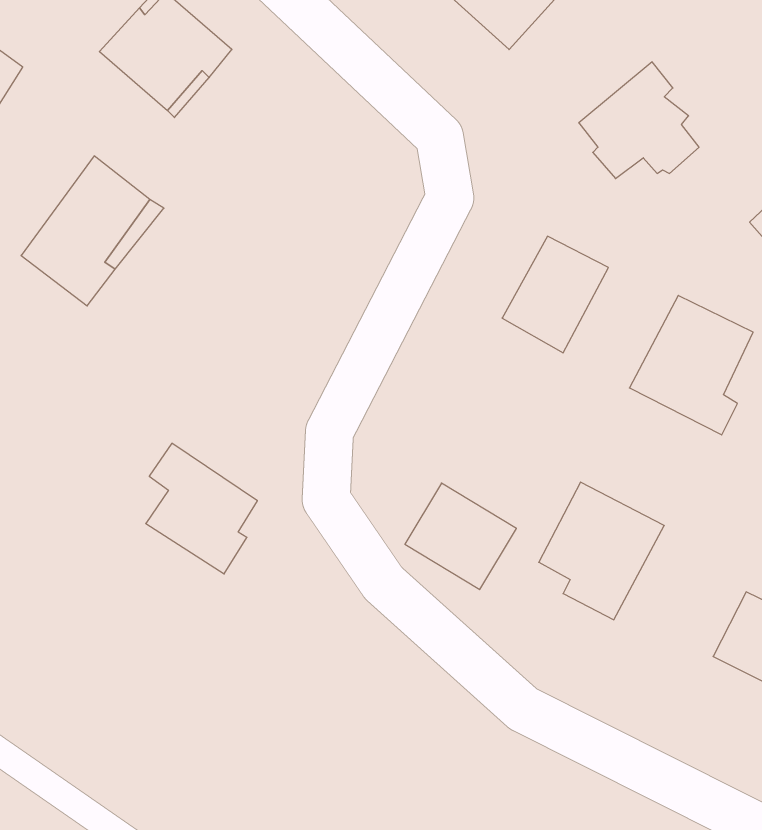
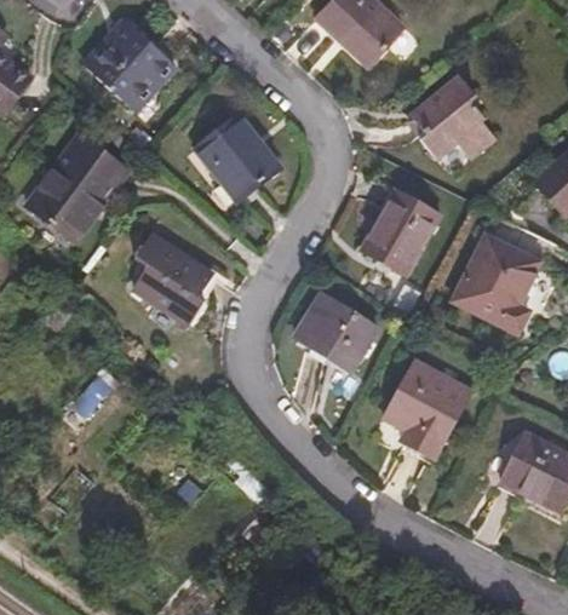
building: none -> [199,109,282,190]
building: [146,443,257,574] -> [139,234,217,324]
building: [405,483,516,590] -> [297,299,374,373]

